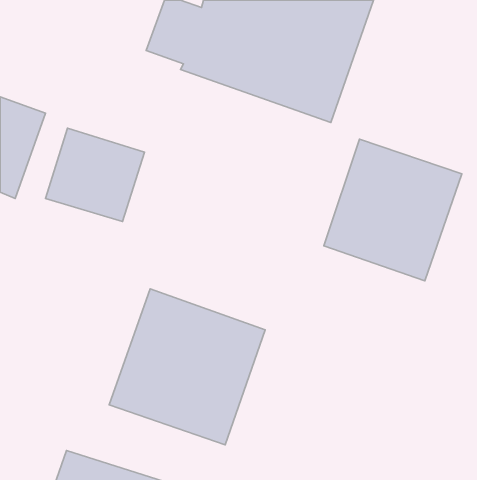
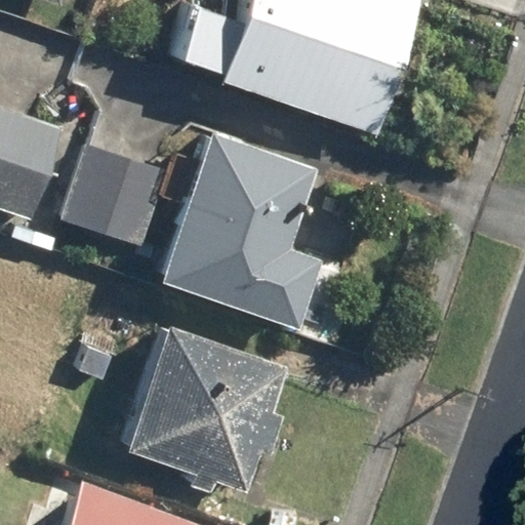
building: none -> [162,130,329,328]
building: [324,139,462,281] -> none

